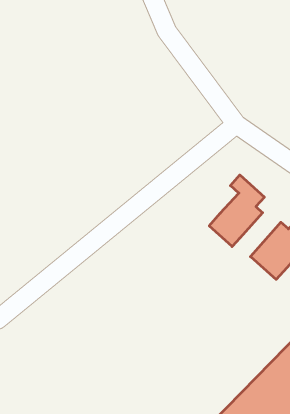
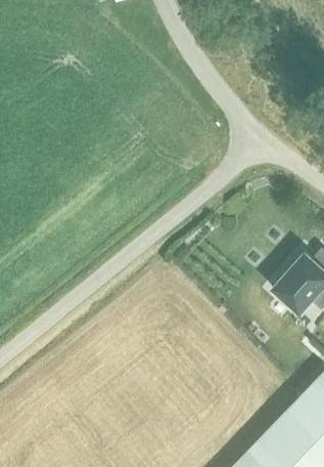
building: [209,175,264,247] -> none

